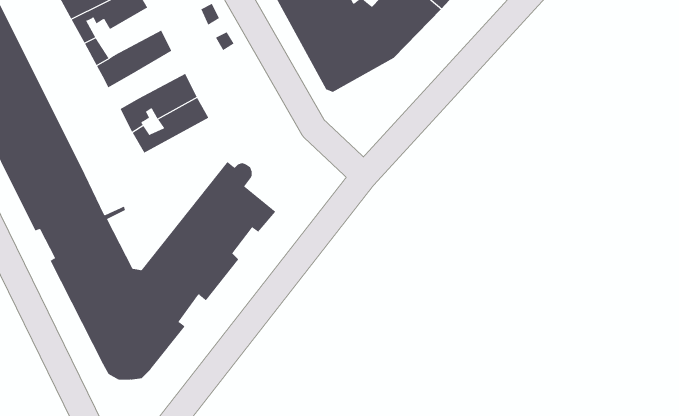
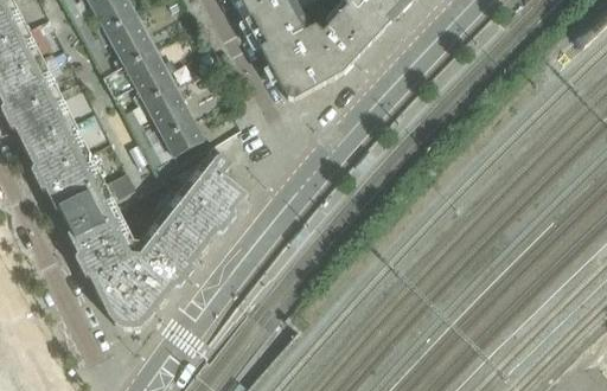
building: none -> [114,31,156,69]
building: none -> [133,65,175,103]
building: none -> [142,118,205,177]

